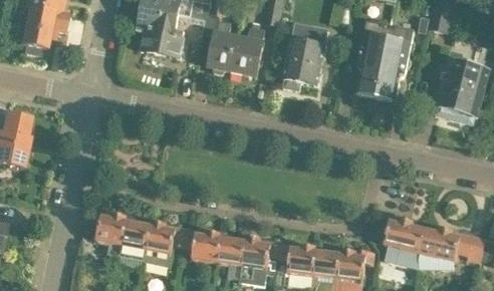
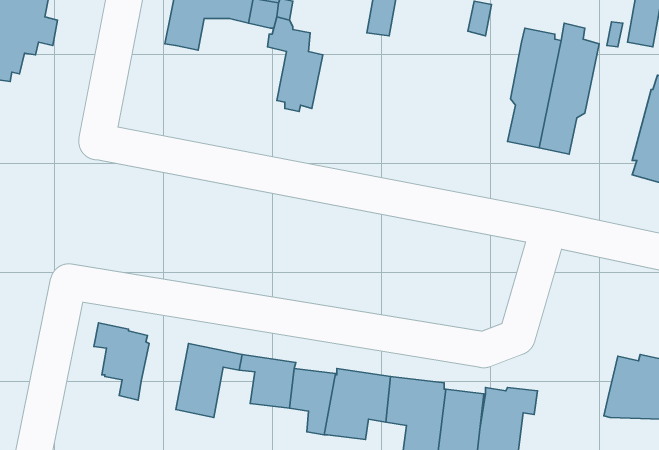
building: [141,14,184,57] -> none
building: [282,23,326,90] -> none
building: [230,26,263,76] -> none
building: [380,212,425,267] -> none
building: [119,221,150,261] -> none

